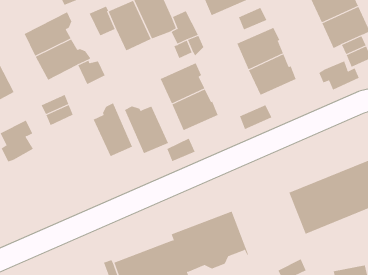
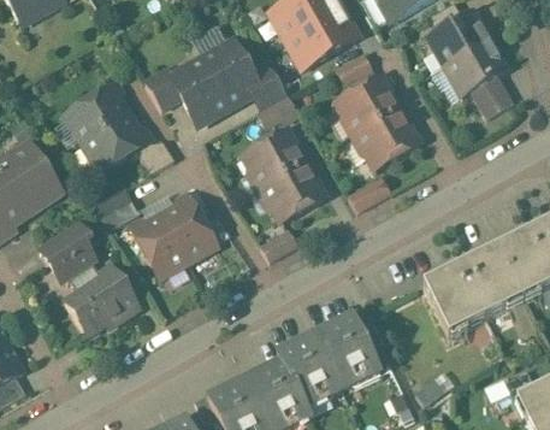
building: [318,61,360,90] -> none
building: [124,106,169,154] -> [128,216,189,278]
building: none -> [63,260,138,335]

